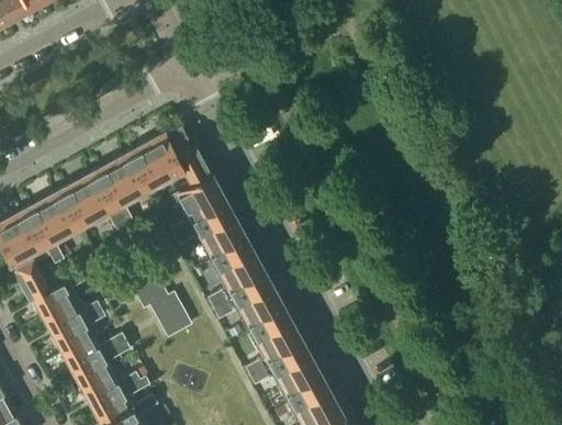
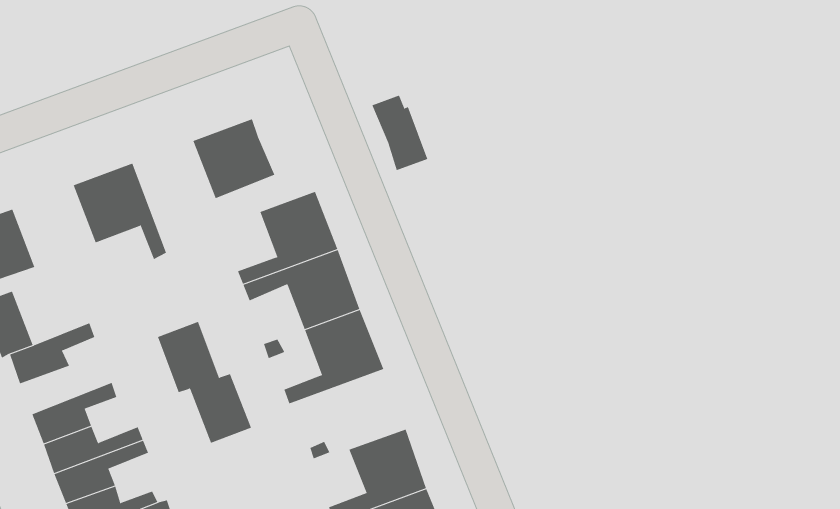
building: [171,136,211,183] -> [371,95,428,171]
building: [95,153,149,224] -> none
building: [25,190,79,262] -> none
building: [212,278,286,331] -> none
building: [44,301,101,335] -> none

